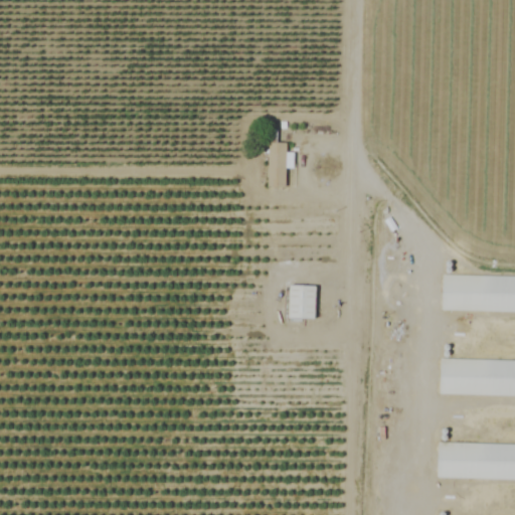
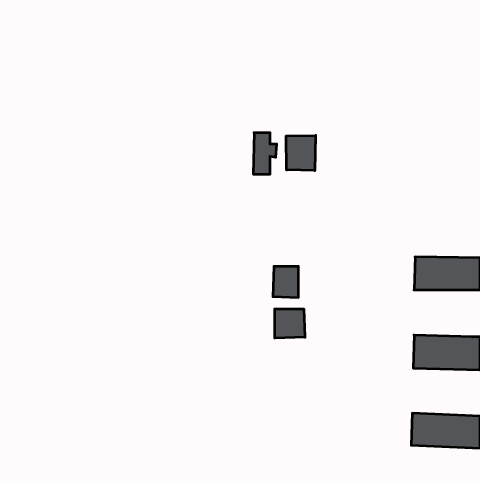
building: none -> [286,135,316,171]
building: none -> [275,309,305,338]

